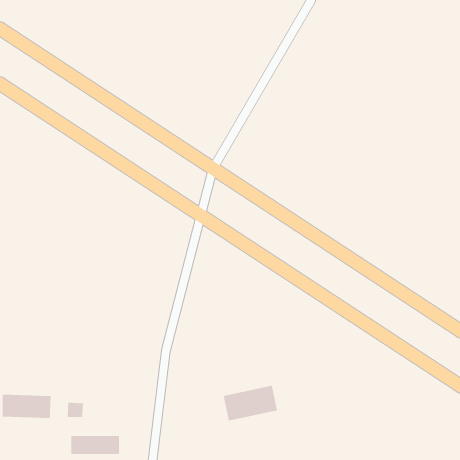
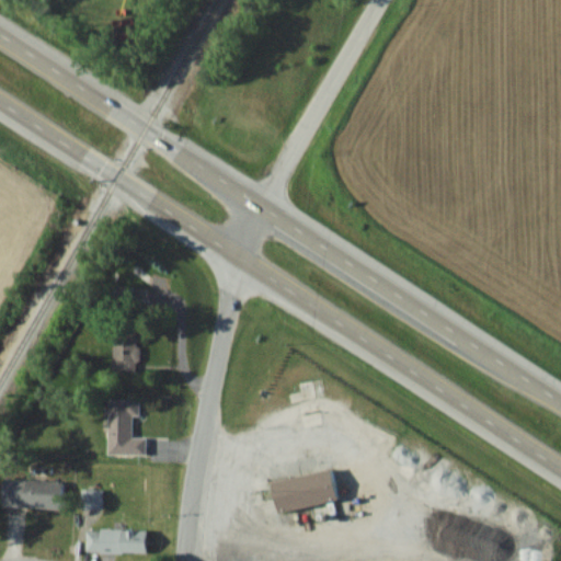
building: none -> [113,334,138,371]
building: none -> [108,400,147,456]

